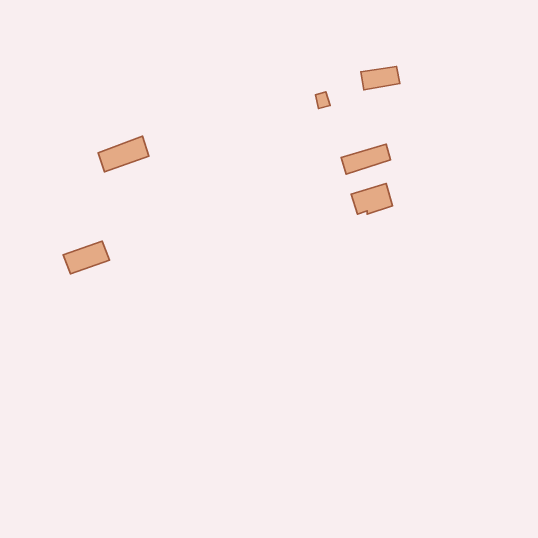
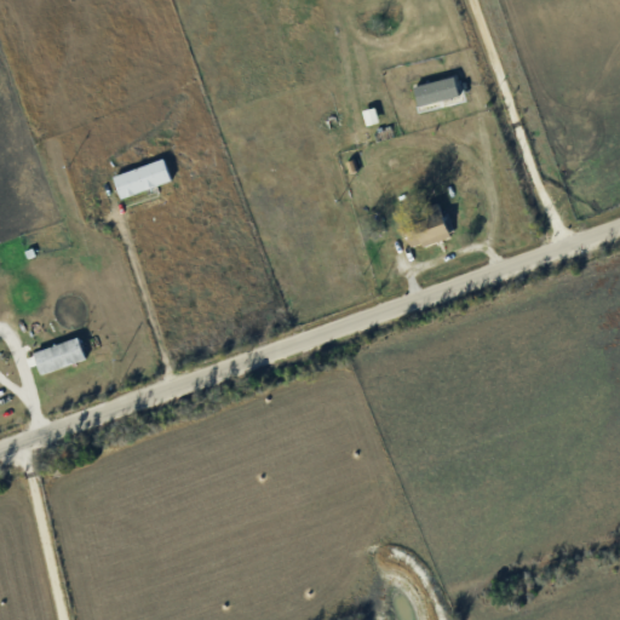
building: [341,144,391,174] -> none
building: [63,241,109,274] -> [33,337,86,374]

